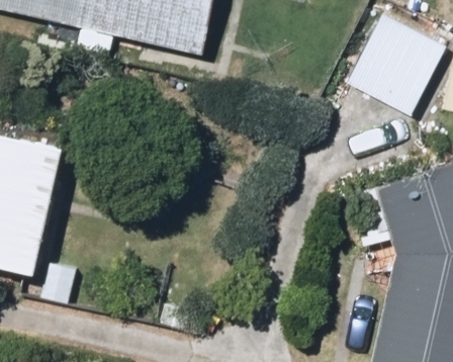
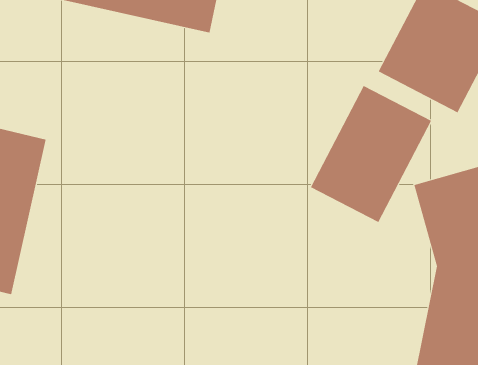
building: none -> [310,85,432,223]

